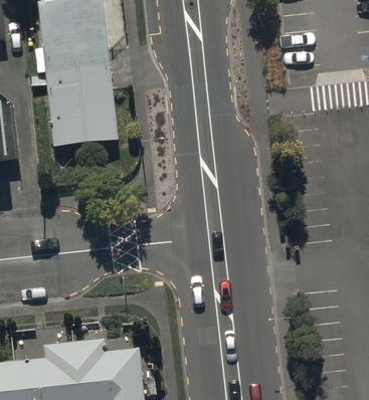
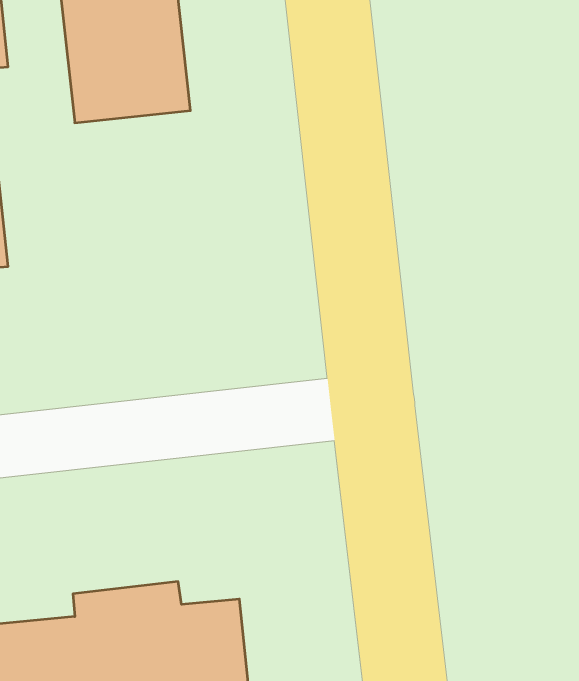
building: [44,67,118,147] -> none

